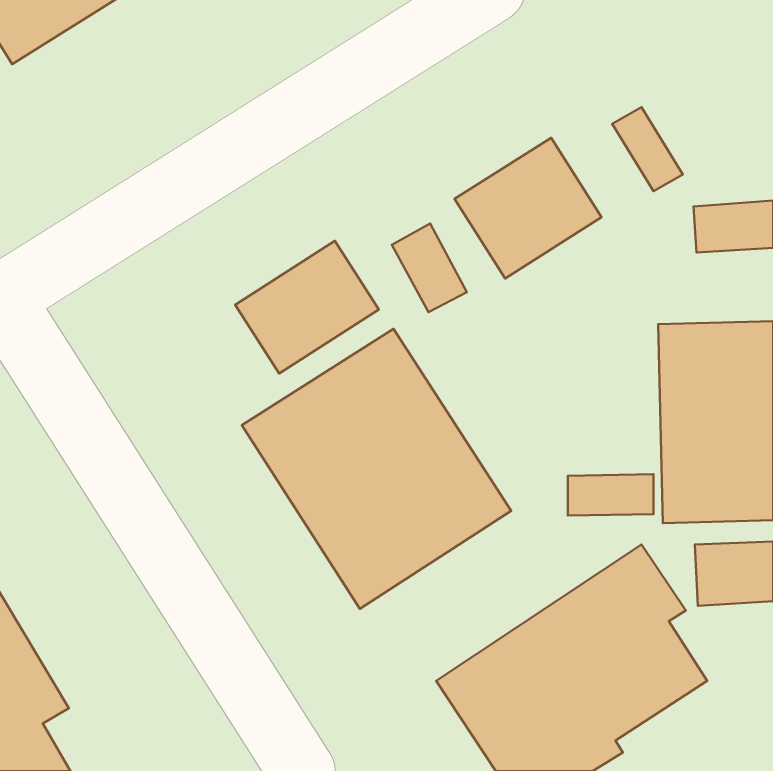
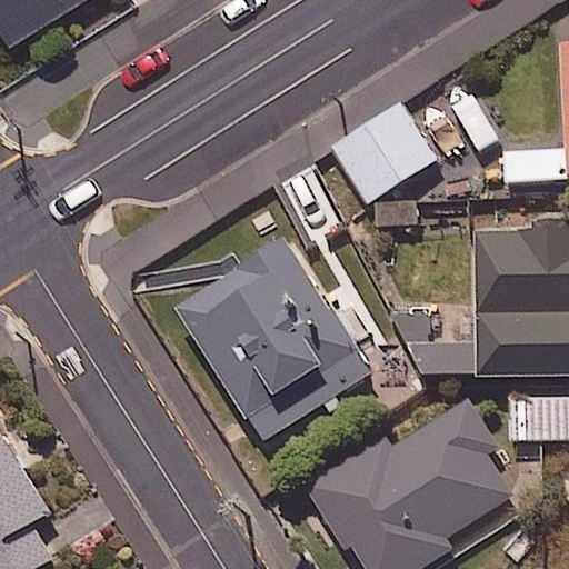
building: [235,241,379,373] -> none

